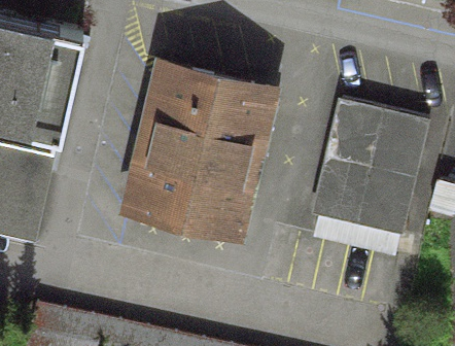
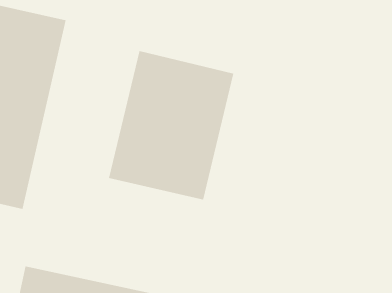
building: [312,100,427,237] -> none

